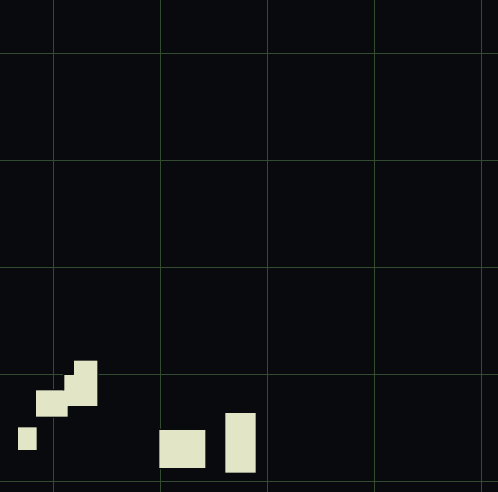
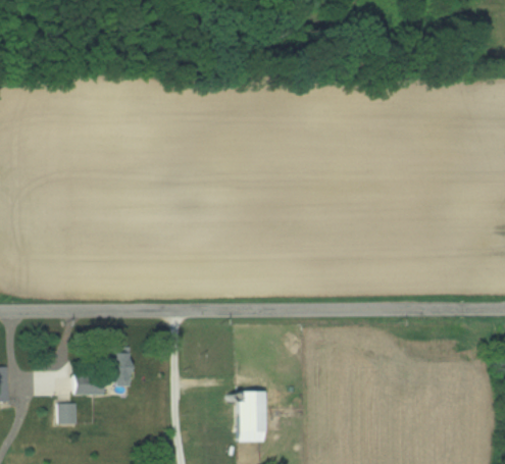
building: [159,429,206,469] -> none

